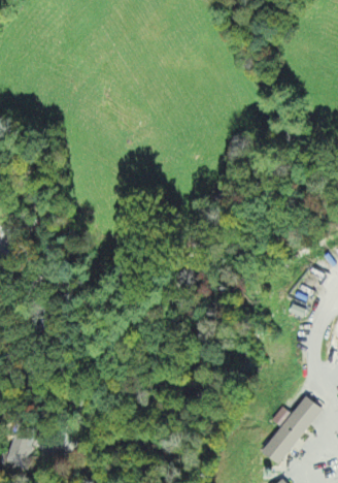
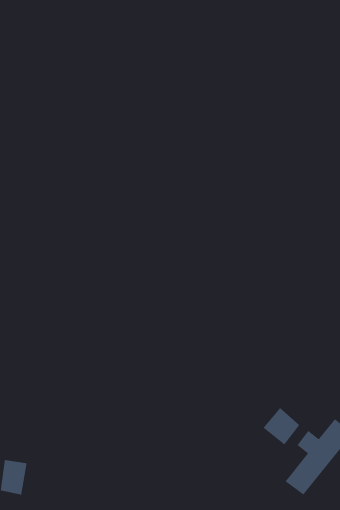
building: none -> [262,407,300,446]

